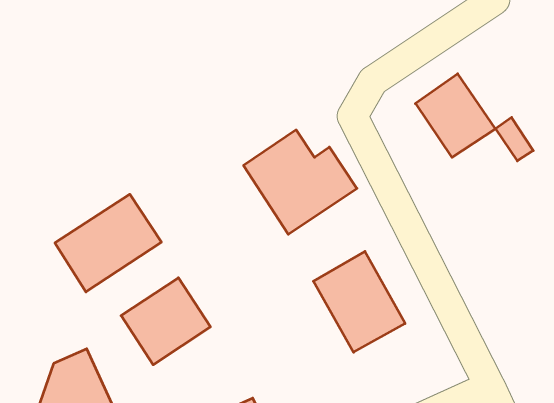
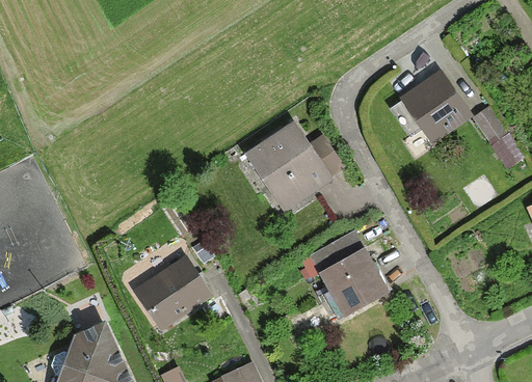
building: [55,194,161,292] -> none

